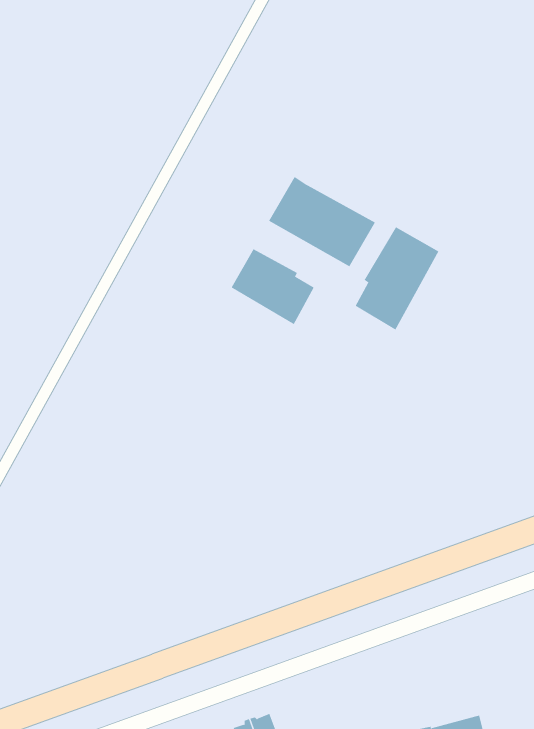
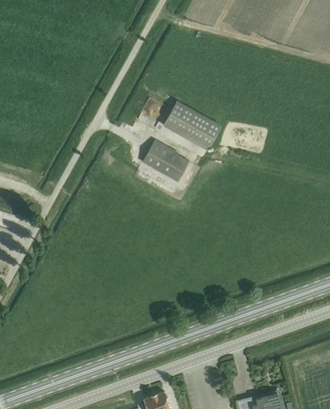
building: [355,226,439,330] -> none

